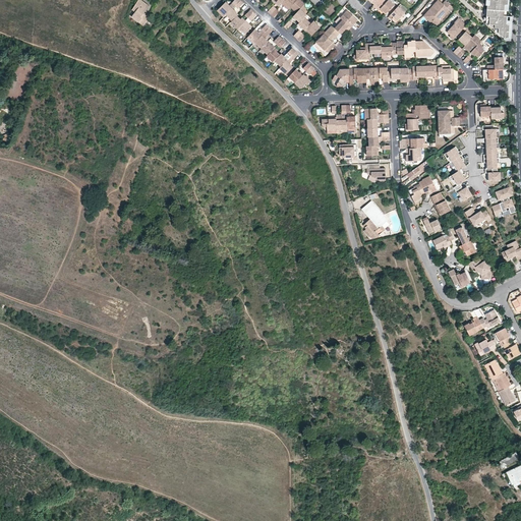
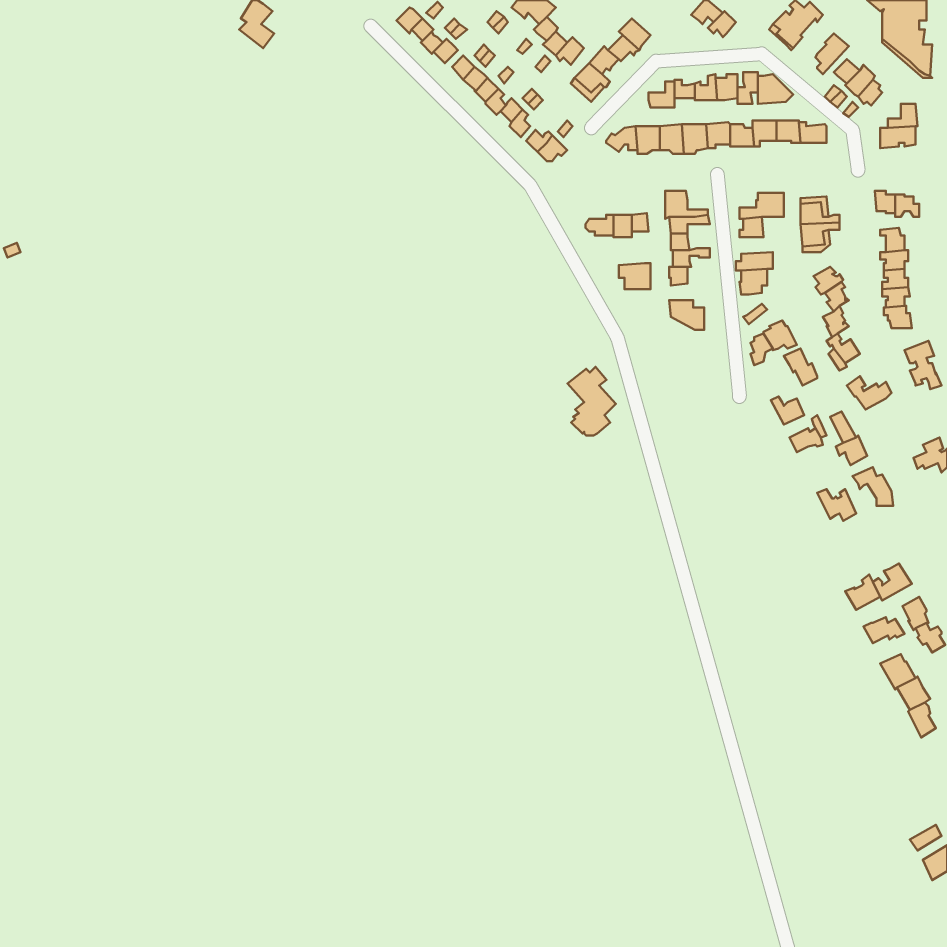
building: [361,199,388,237] -> [568,367,616,435]

